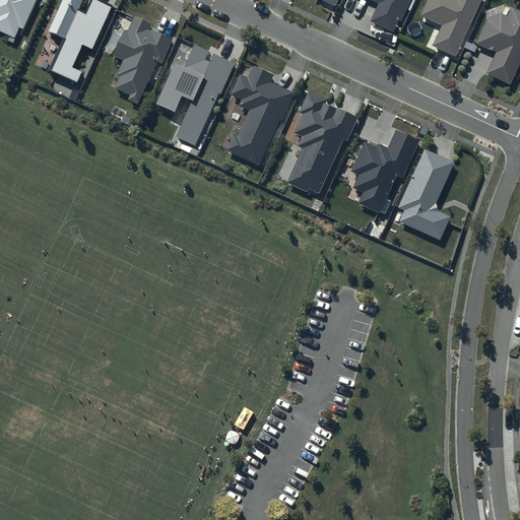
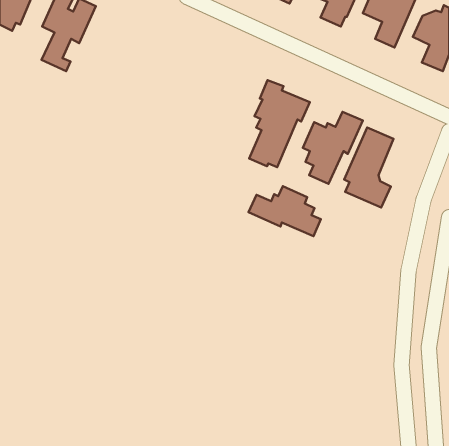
building: [114,16,173,104] -> none
building: [156,46,235,147] -> none
building: [228,66,294,164] -> none
building: none -> [248,186,321,236]

